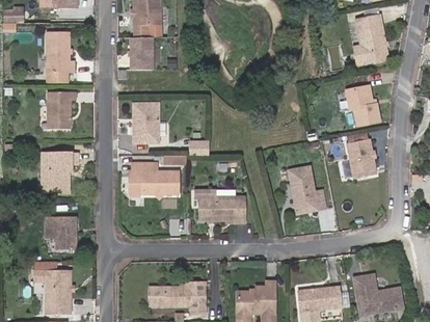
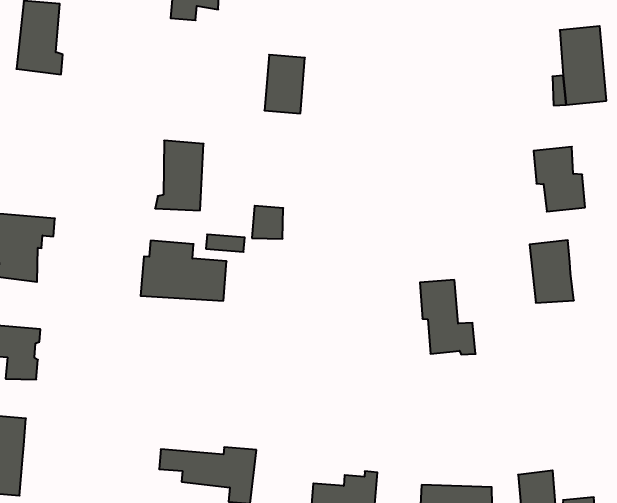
building: [131,37,152,70] -> [264,55,305,113]
building: [49,90,72,126] -> none
building: [193,190,245,222] -> none

